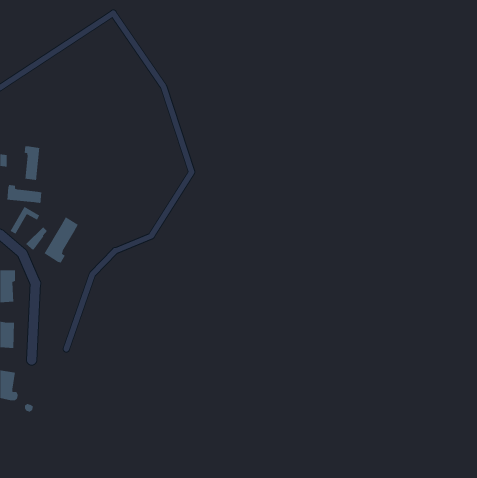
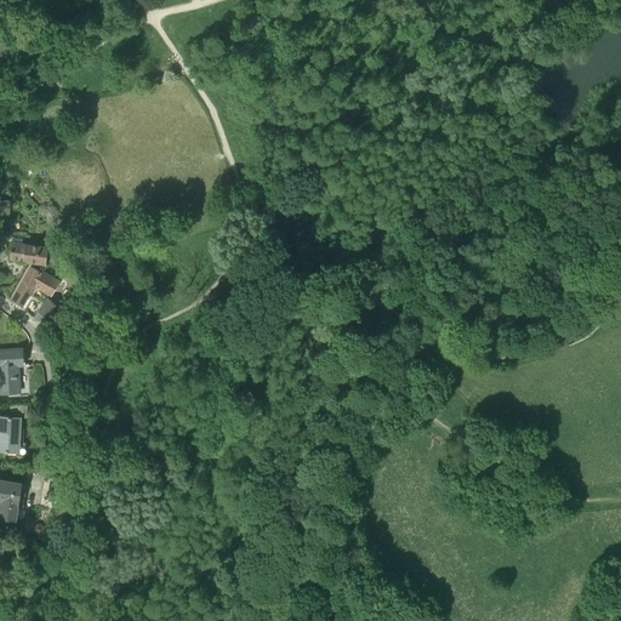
building: [24,146,40,181] -> none
building: [44,216,79,264] -> none

